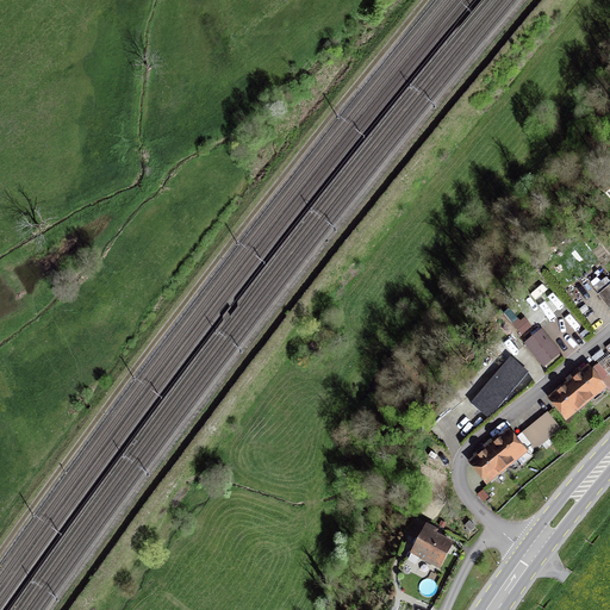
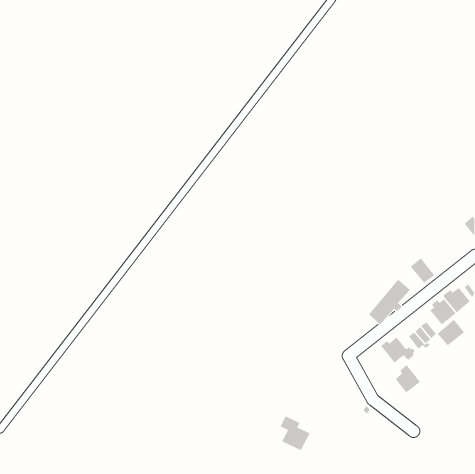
building: none -> [437,319,465,346]
building: [472,443,505,480] -> [395,364,421,393]
building: [410,519,449,565] -> [280,415,310,451]

